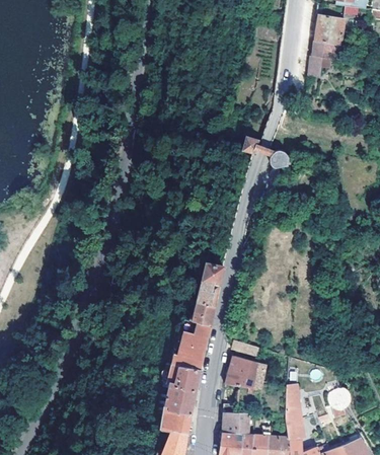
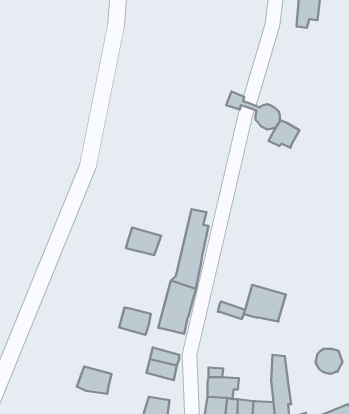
building: none -> [269,120,299,148]
building: none -> [126,227,161,255]
building: [226,356,267,391] -> [244,285,286,322]
building: [170,365,201,391] -> [119,308,151,335]
building: [157,408,191,435] -> [77,367,111,394]

